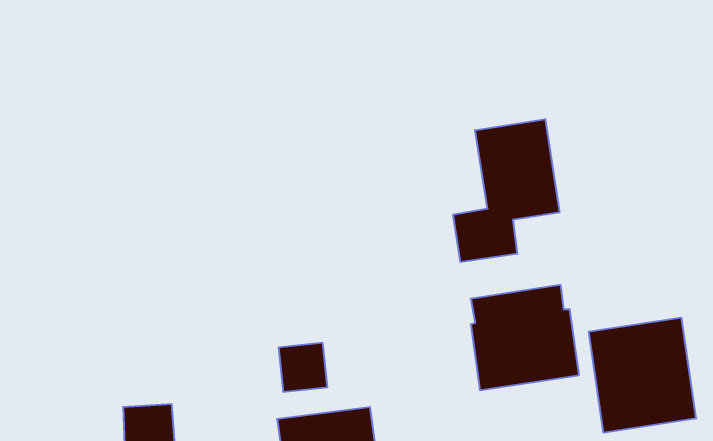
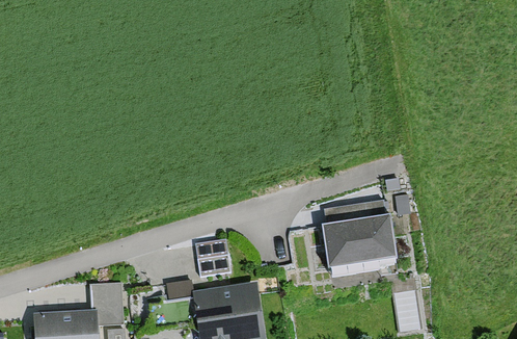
building: [453,119,559,262] -> none
building: [589,318,696,433] -> none

